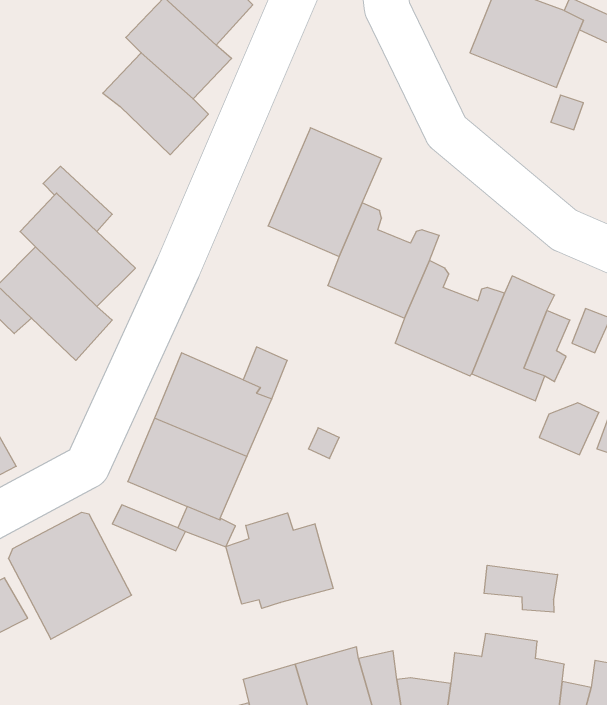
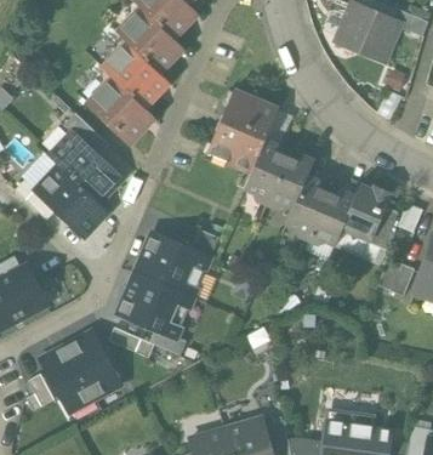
building: none -> [87,76,155,143]
building: [226,513,333,608] -> none
building: [484,565,558,612] -> none

